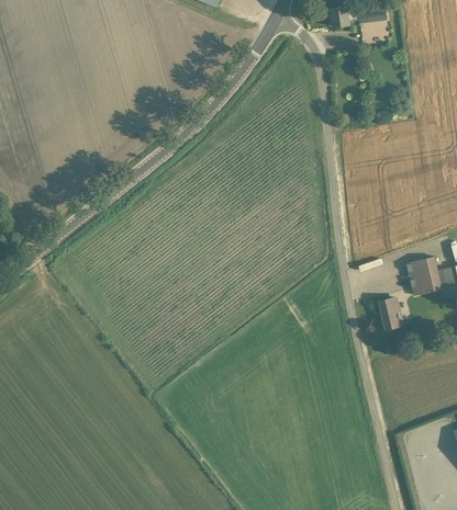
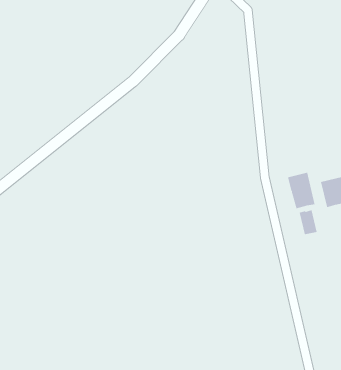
building: none -> [288,172,315,209]

